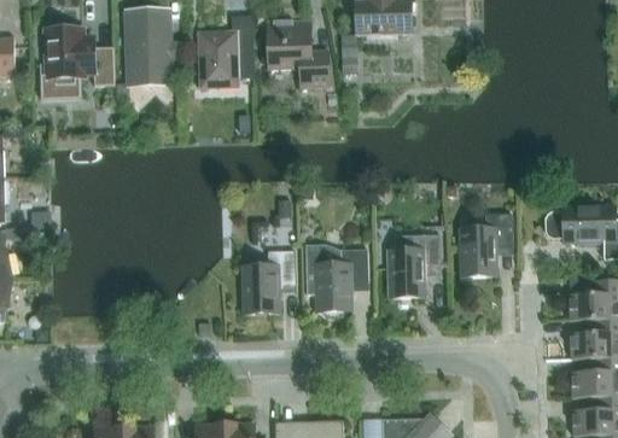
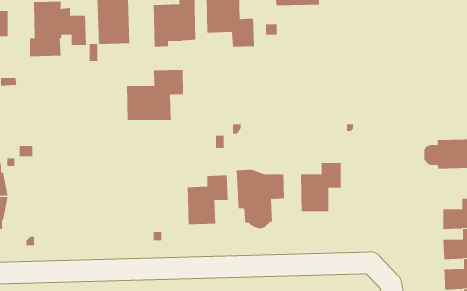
building: none -> [126,69,184,121]
building: [459,212,513,276] -> none

